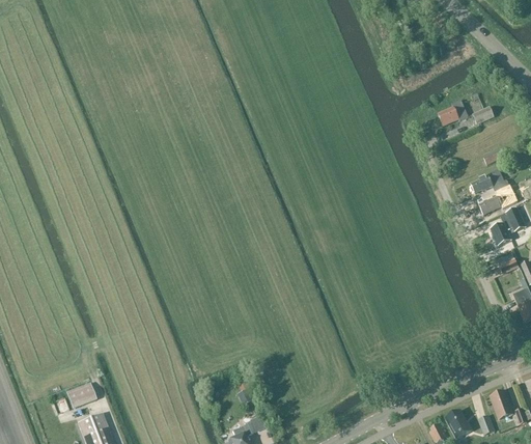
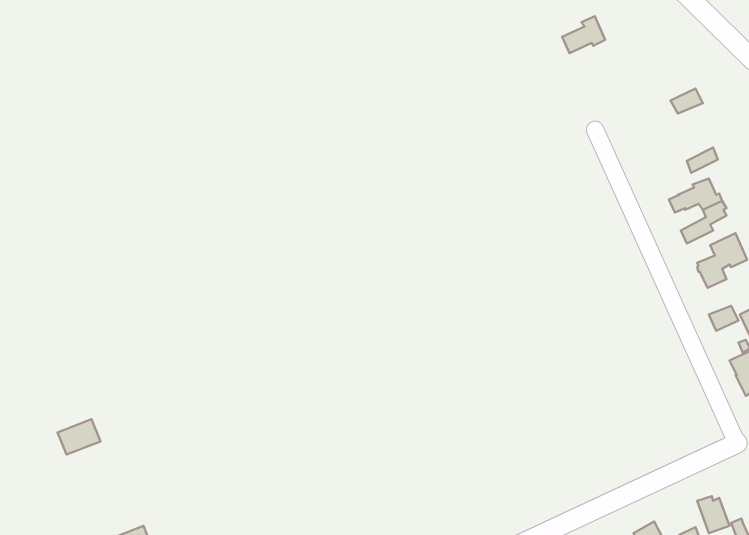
building: [438,99,468,124] -> [562,16,605,53]
building: [66,382,96,407] -> [58,419,100,455]

